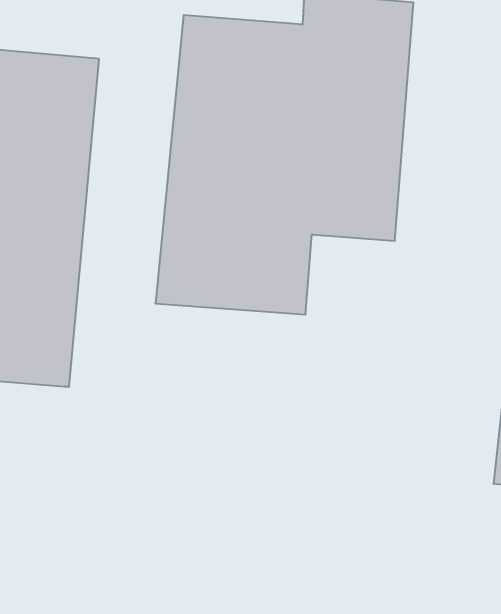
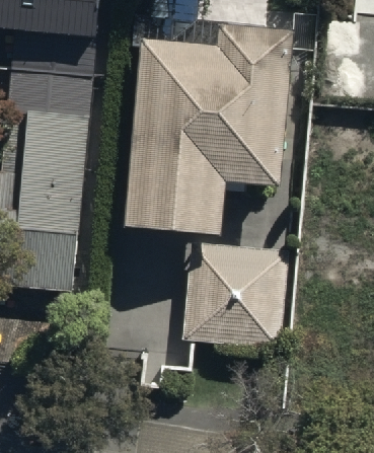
building: none -> [184,245,290,347]

